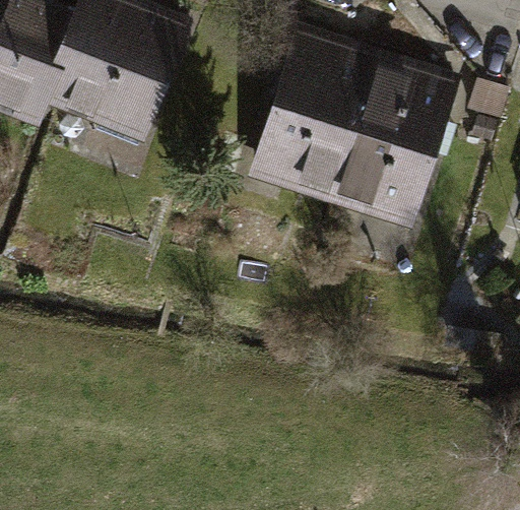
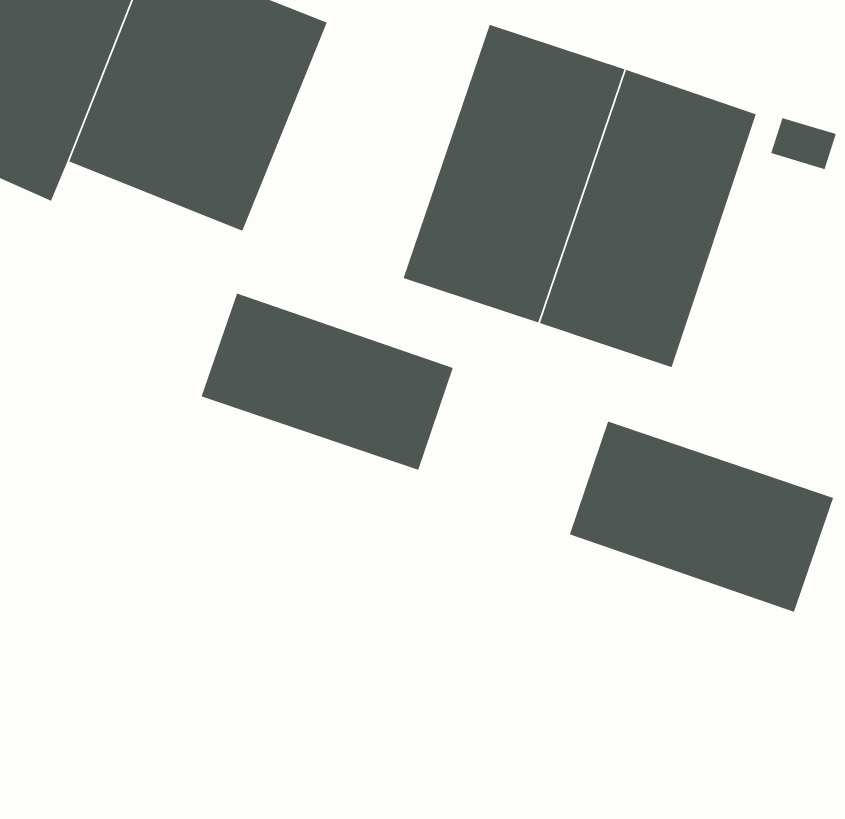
building: none -> [201,292,454,471]
building: none -> [569,420,834,613]

